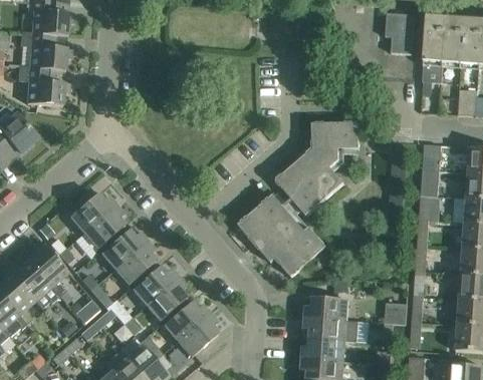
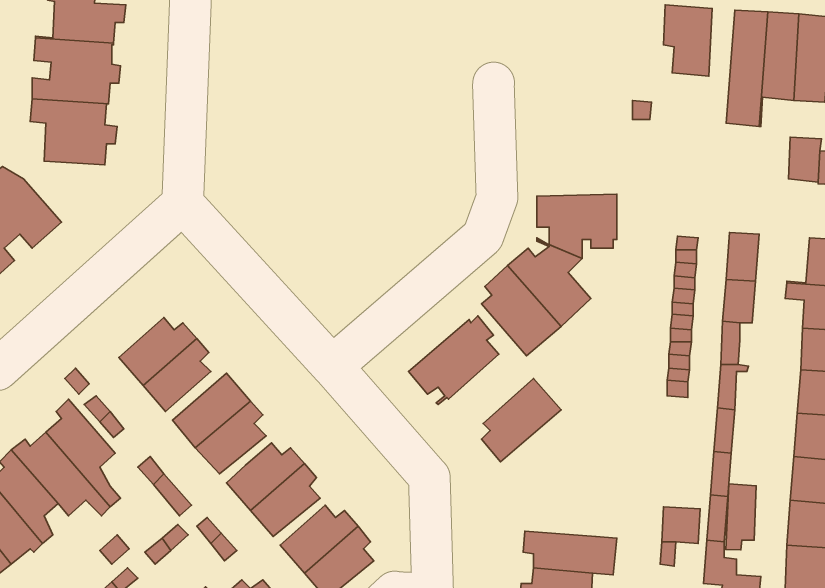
building: [258,214,309,262] -> none
building: none -> [726,484,756,550]
building: [304,296,346,319] -> none

